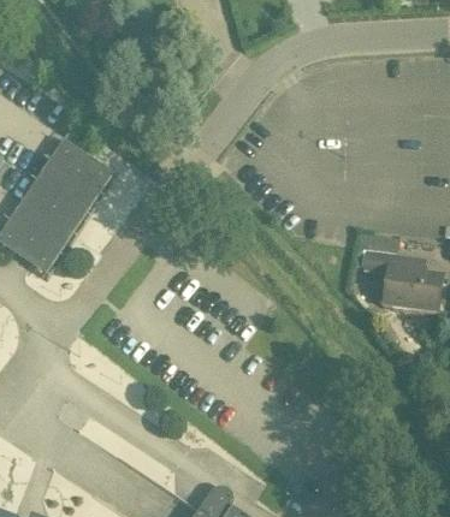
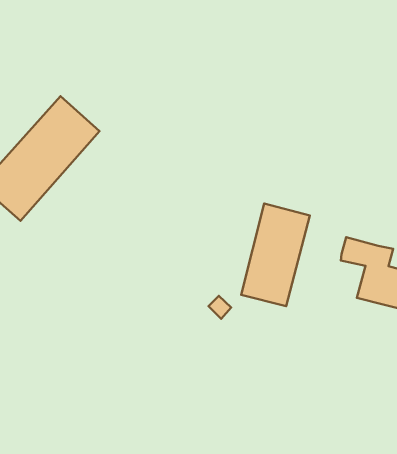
building: none -> [241,203,310,306]

